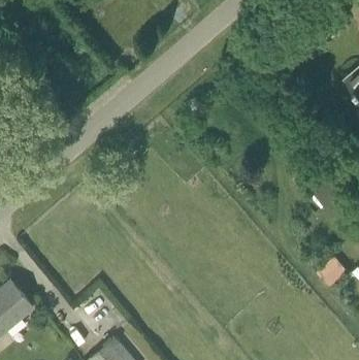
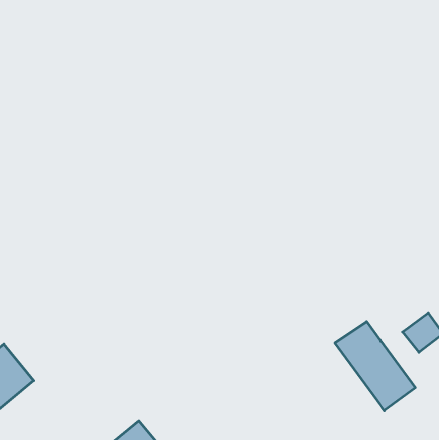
building: none -> [335,322,415,411]

